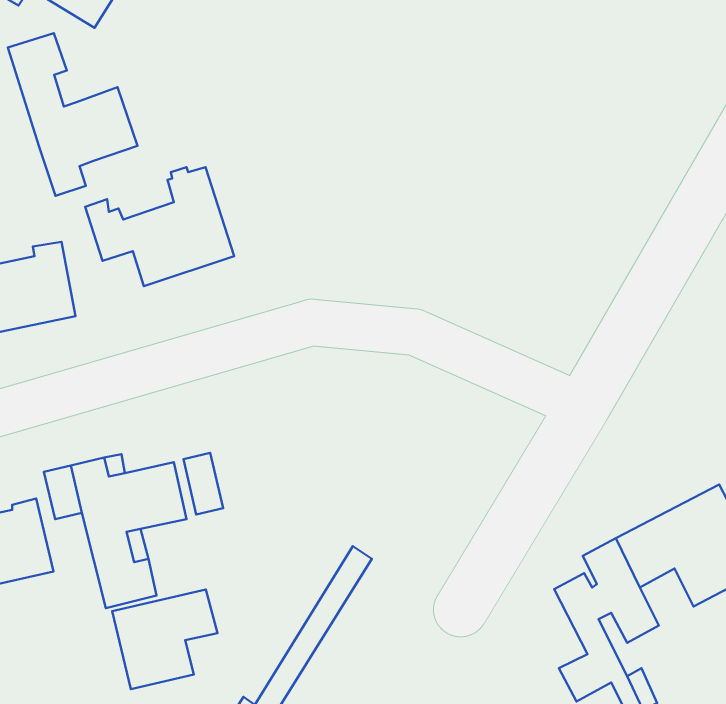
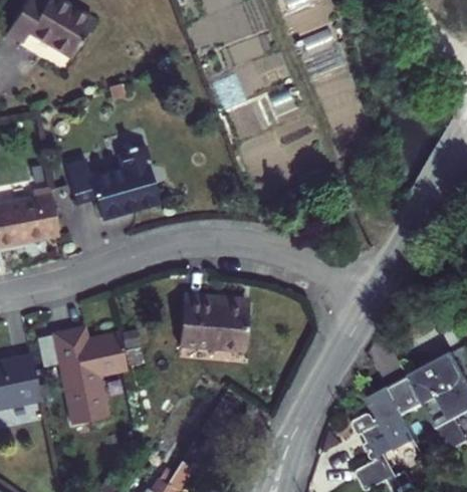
building: [8,33,138,196] -> none
building: none -> [179,292,248,349]
building: [112,589,217,689] -> none

